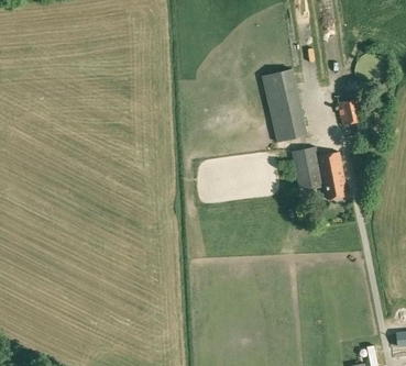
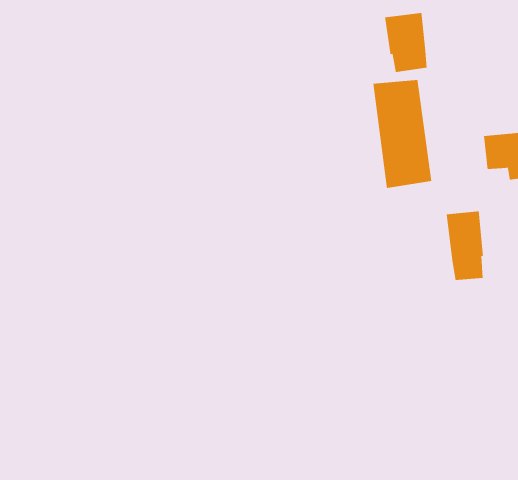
building: none -> [385,12,427,73]
building: [293,146,325,190] -> none

